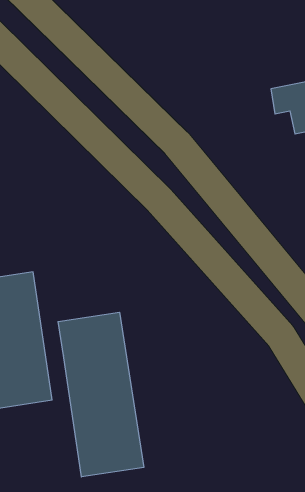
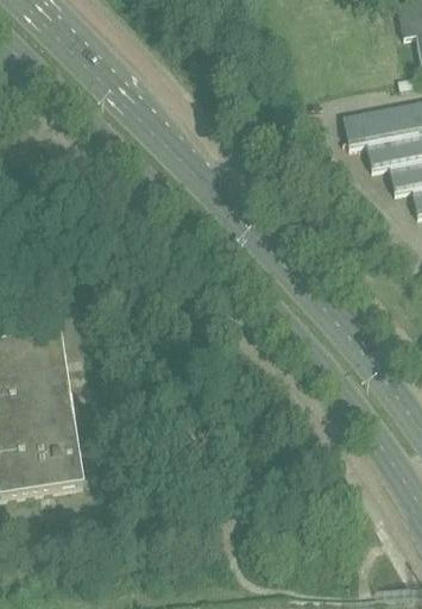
building: [58,312,144,477] -> none

